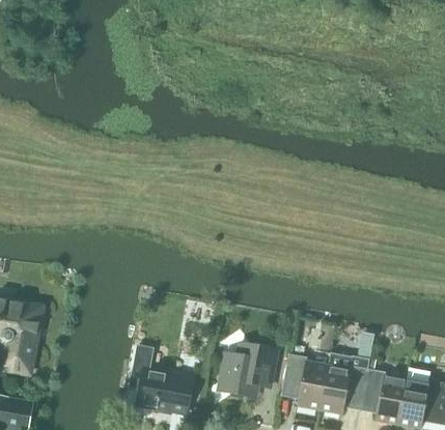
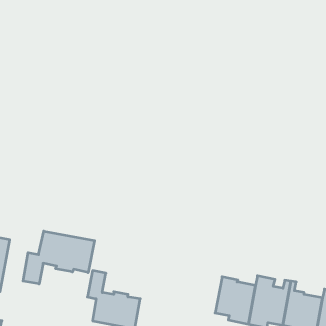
building: none -> [23,231,95,284]
building: [220,342,278,394] -> none

